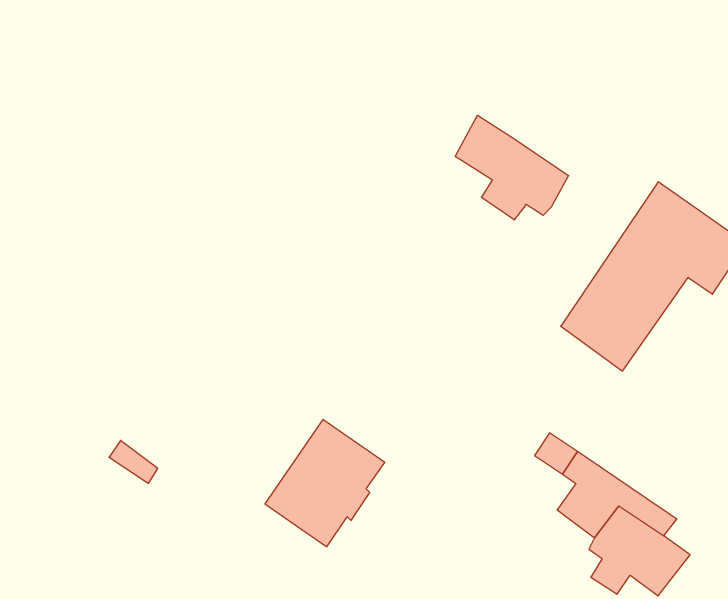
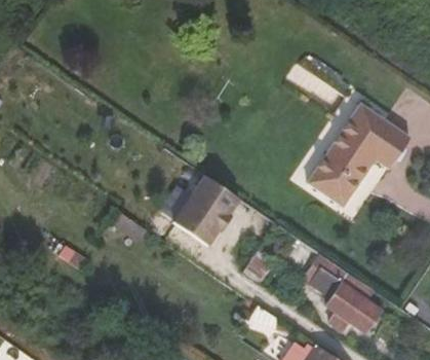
building: [455,115,569,220] -> none
building: [265,419,385,547] -> [172,174,238,244]

